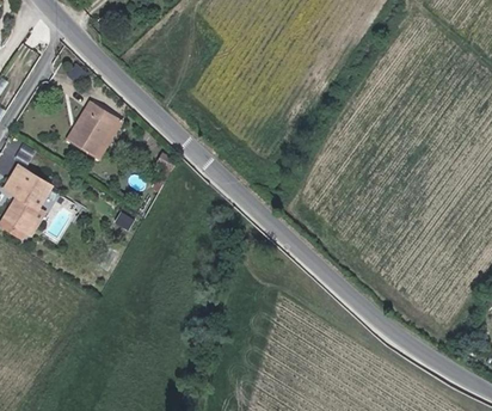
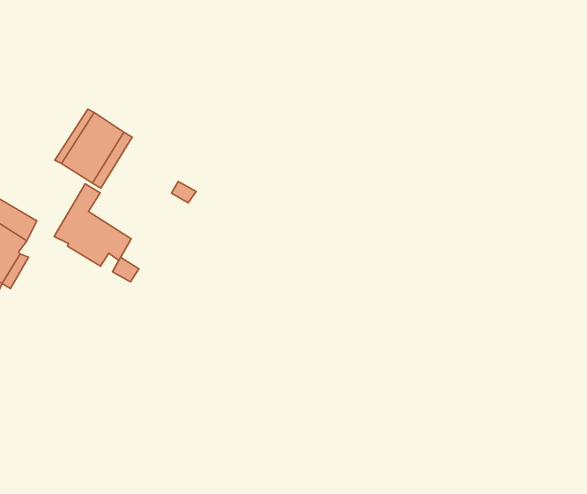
building: none -> [54,184,131,266]

